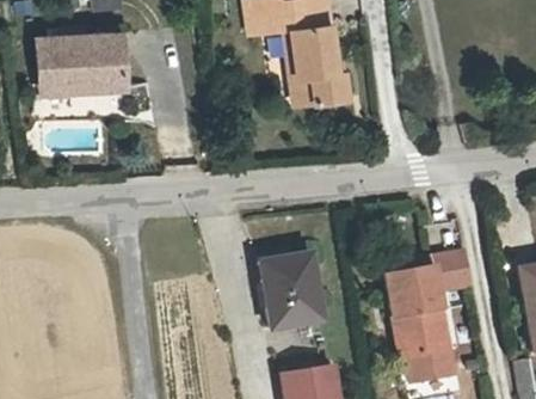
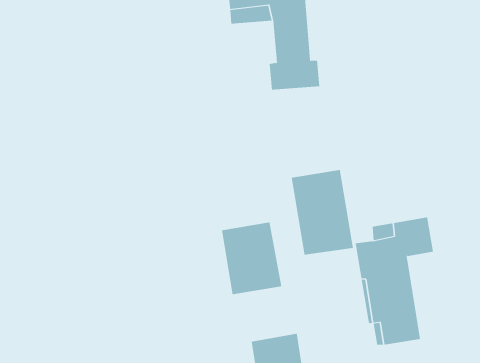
building: [43,38,130,93] -> none
building: none -> [291,169,354,256]

